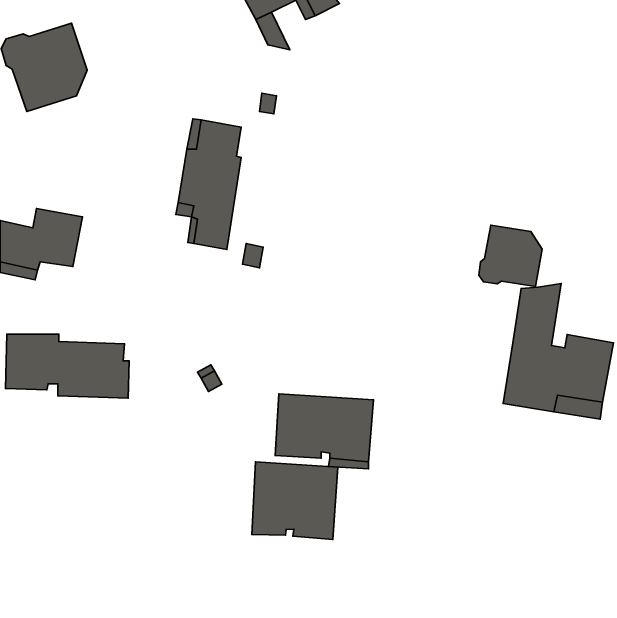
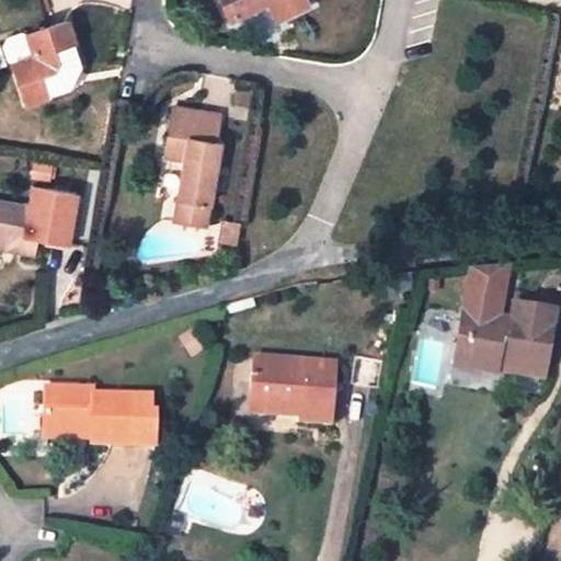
building: [479,225,542,287] -> none
building: [6,334,129,398] -> [46,386,158,444]
building: [252,462,338,539] -> none

